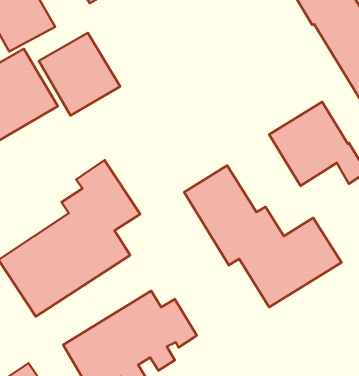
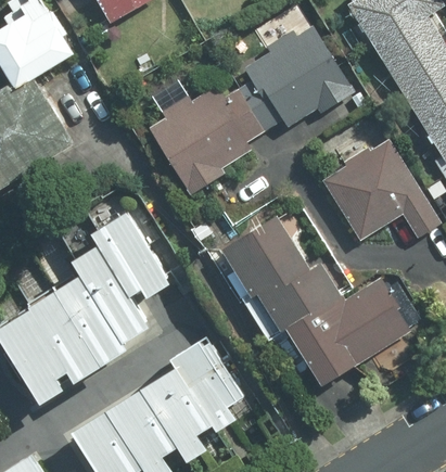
building: none -> [146,25,349,191]
building: [39,33,120,115] -> none

